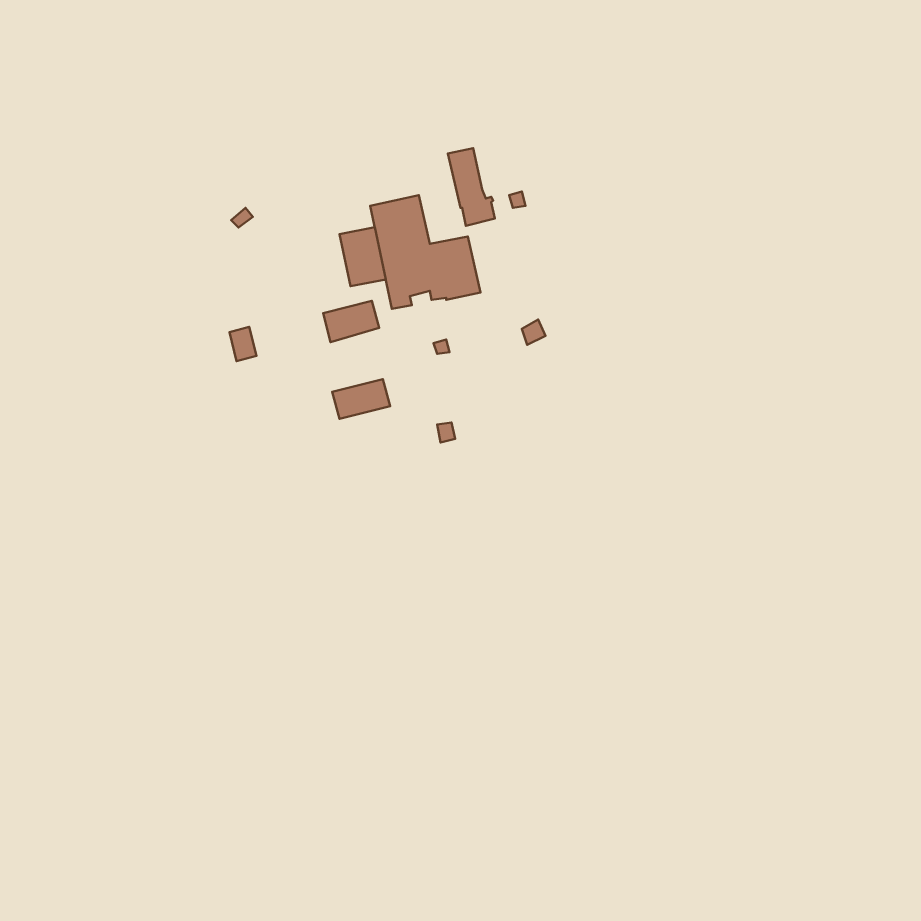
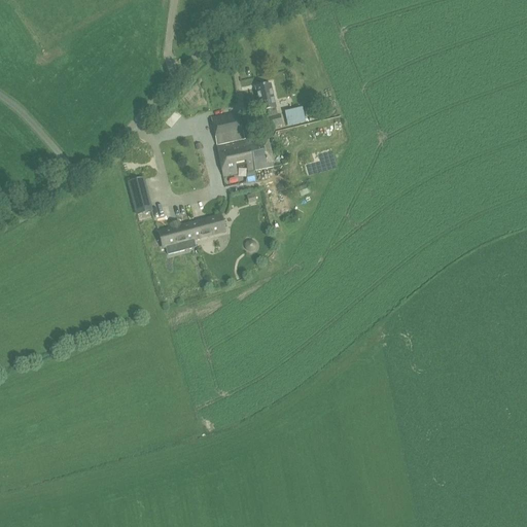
building: [340,227,386,286] -> none
building: [323,301,379,342] -> [163,223,195,247]

